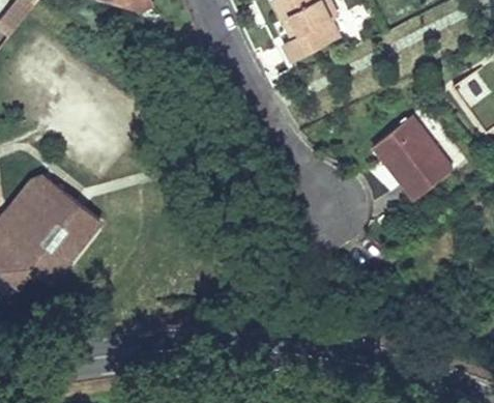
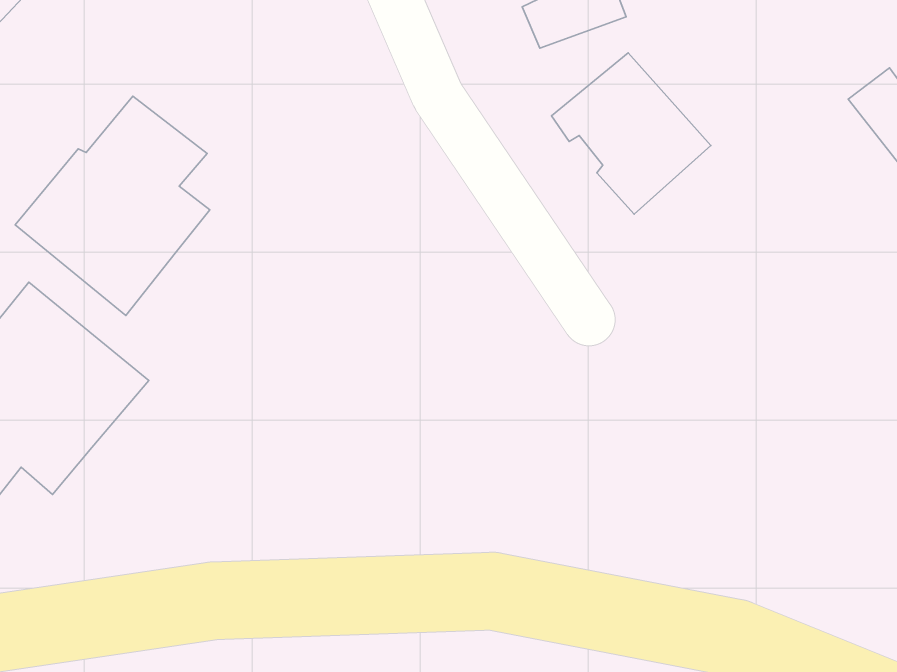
building: none -> [15,96,210,316]
building: [371,118,455,203] -> [552,53,711,214]

